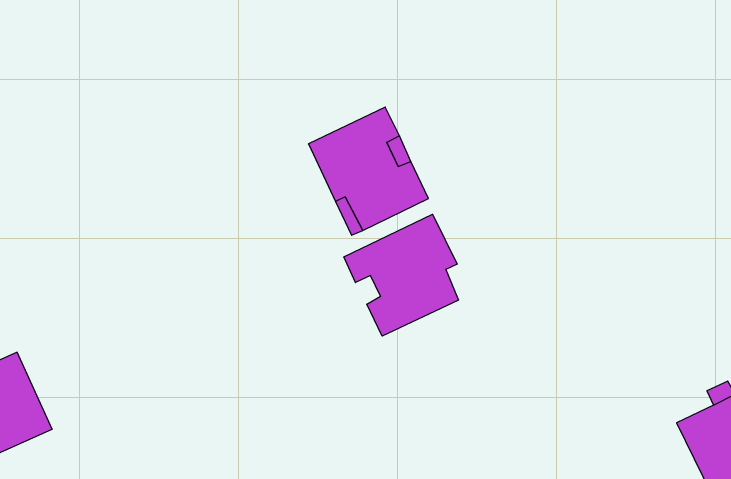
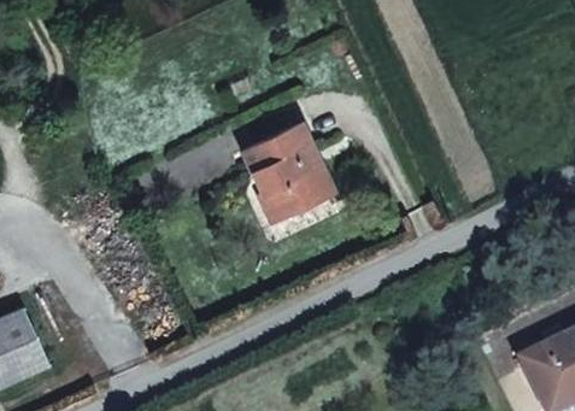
building: [344,214,459,336] -> none

